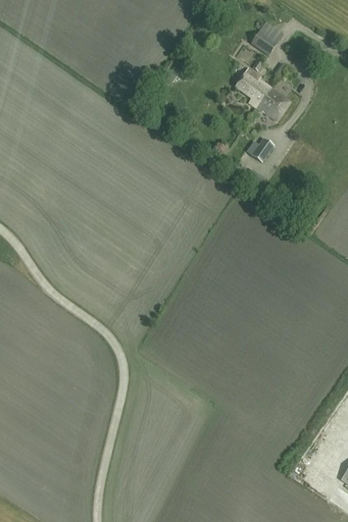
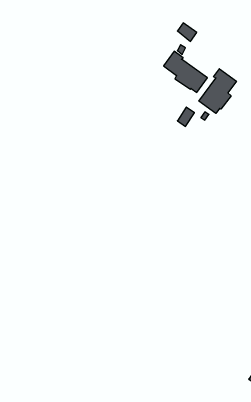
building: none -> [199,69,236,113]

